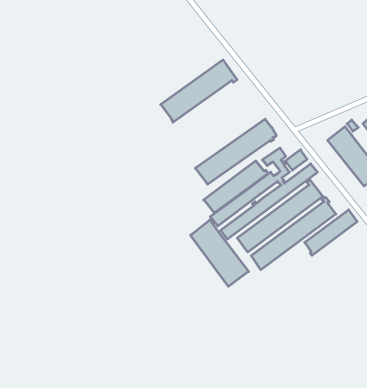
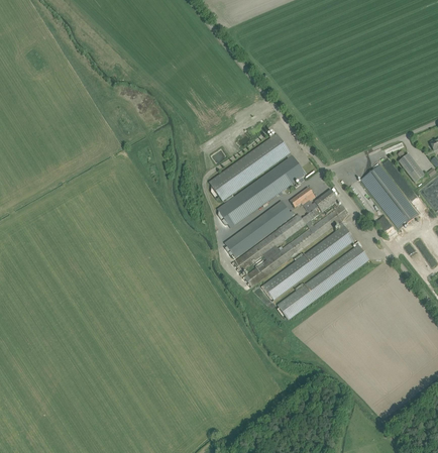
building: [161,60,237,122] -> [209,132,292,200]
building: [305,210,357,255] -> none
building: [191,220,249,286] -> none

